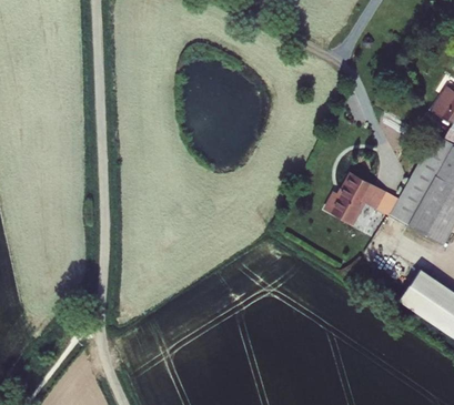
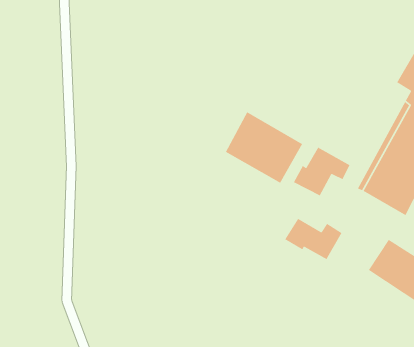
building: none -> [225,111,303,184]
building: none -> [284,218,342,260]

